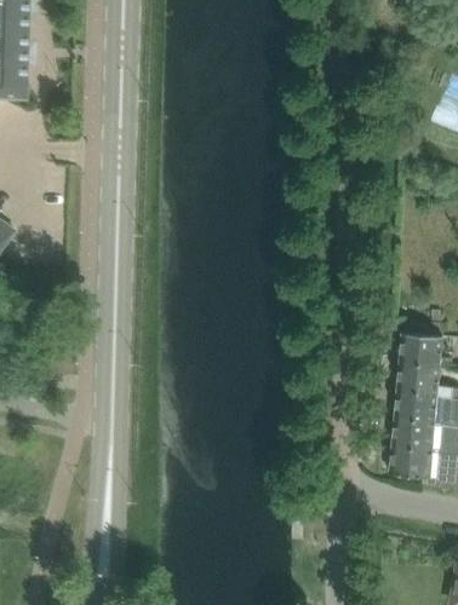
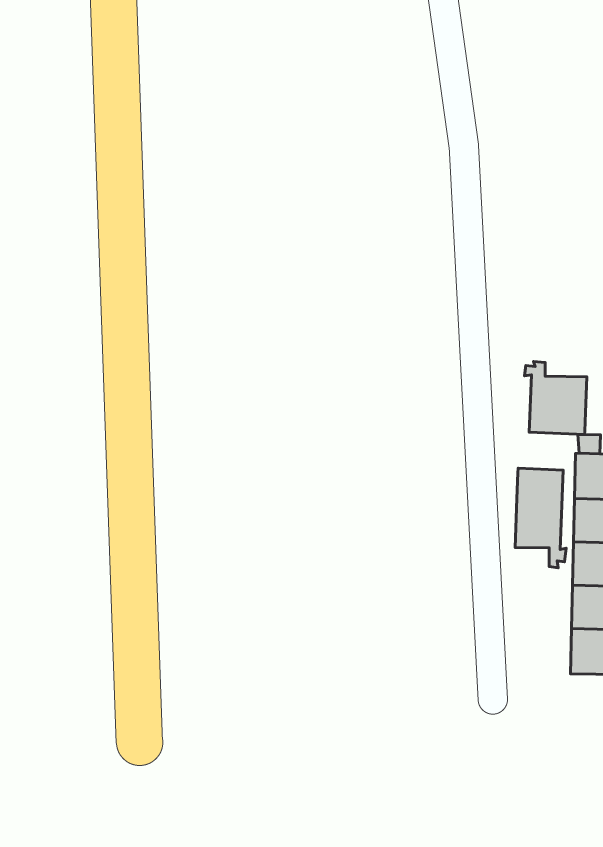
building: none -> [524,361,587,435]
building: none -> [515,468,566,568]

